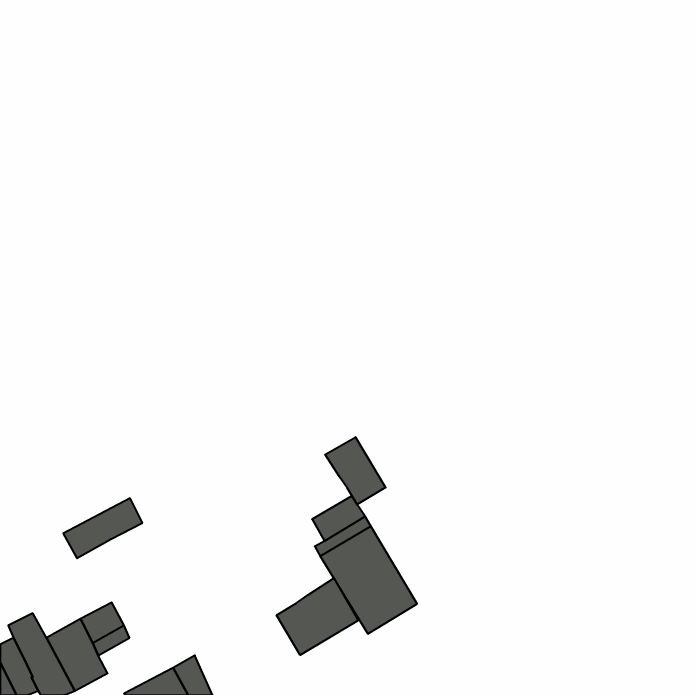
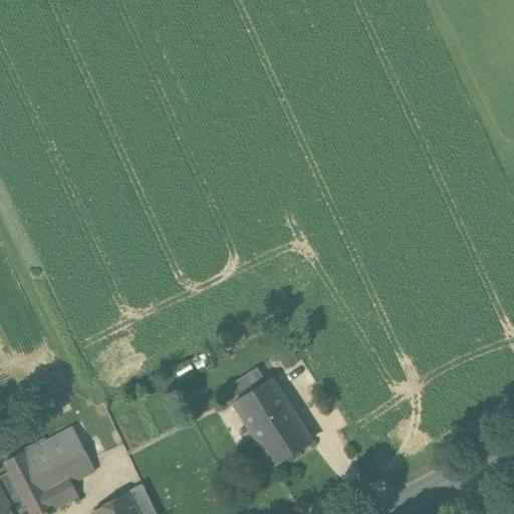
building: [325,437,386,504] -> none
building: [63,498,142,558] -> [25,426,83,470]
building: [277,578,358,655] -> none

